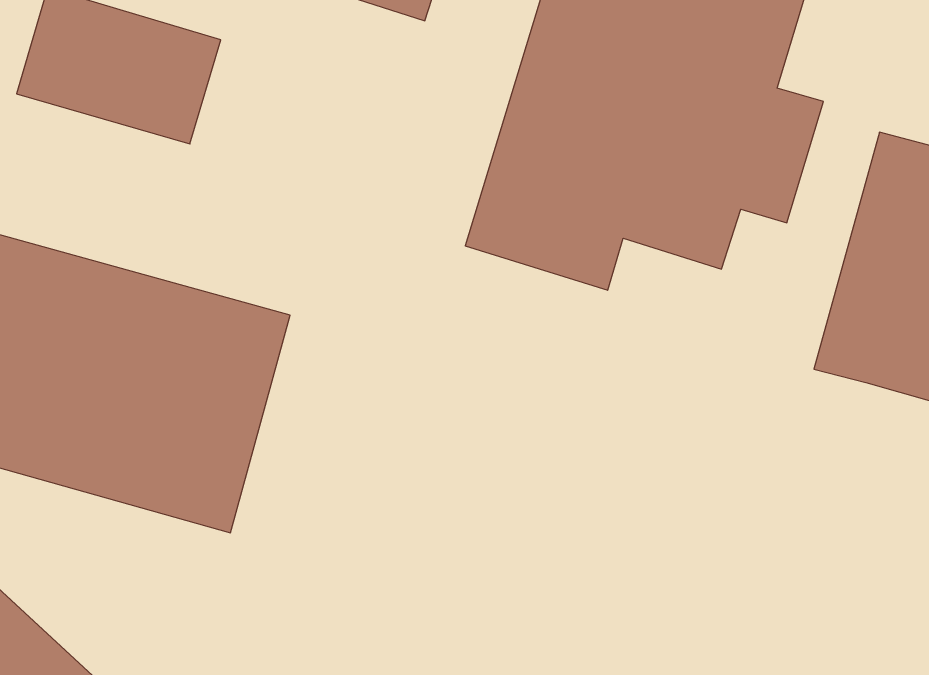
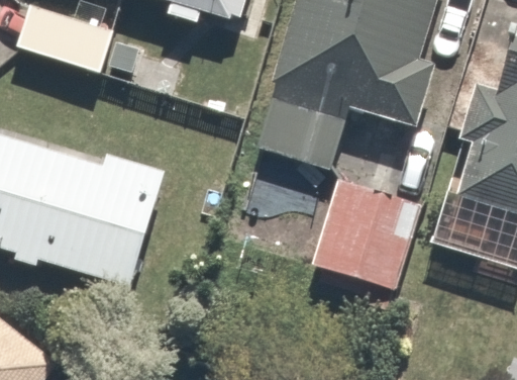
building: none -> [303,170,427,300]

